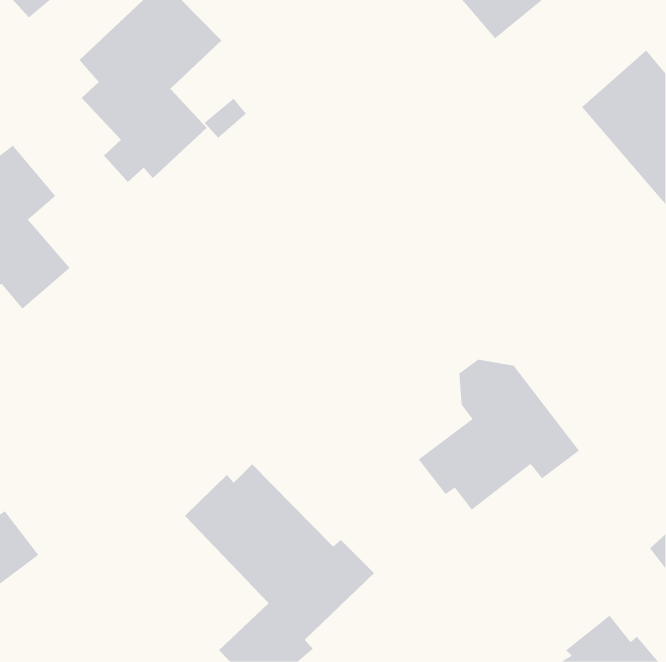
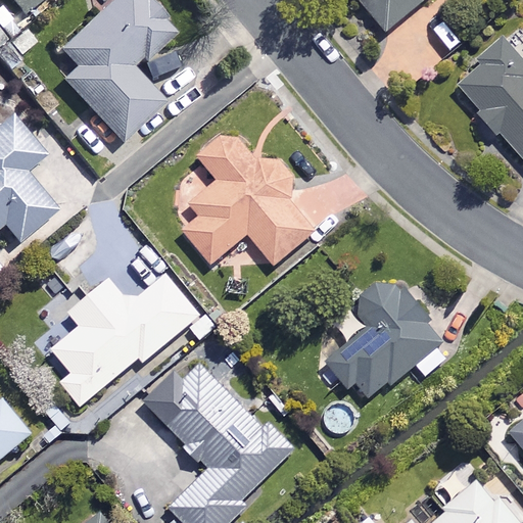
building: none -> [180,128,317,265]
building: none -> [53,274,199,406]

